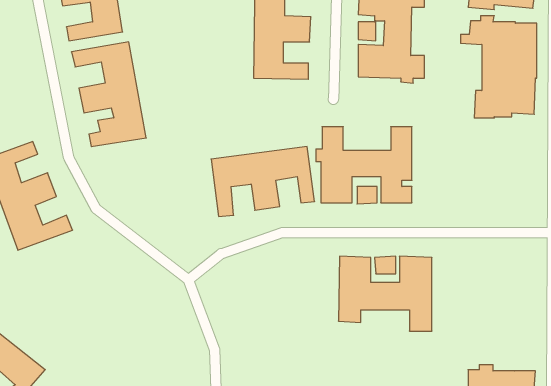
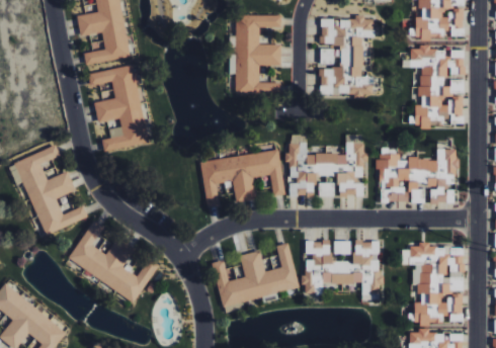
building: none -> [379,149,458,204]
building: none -> [68,220,158,301]
building: none -> [212,243,299,313]
building: none -> [402,244,464,325]

